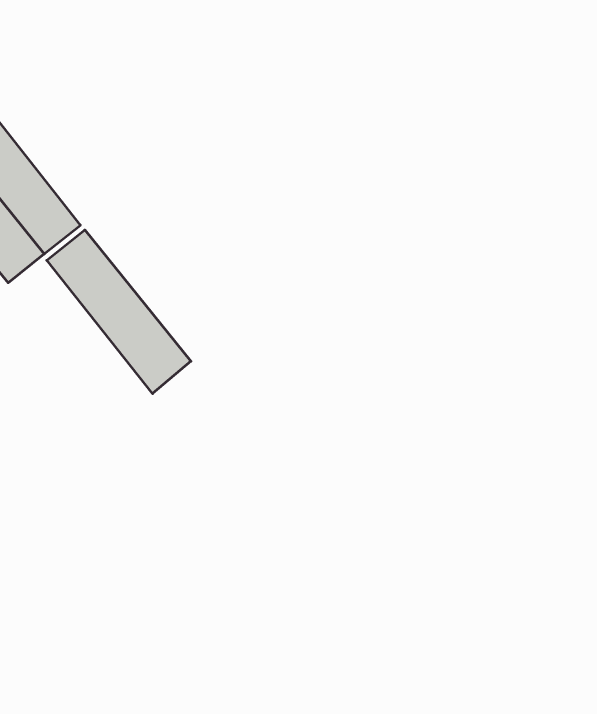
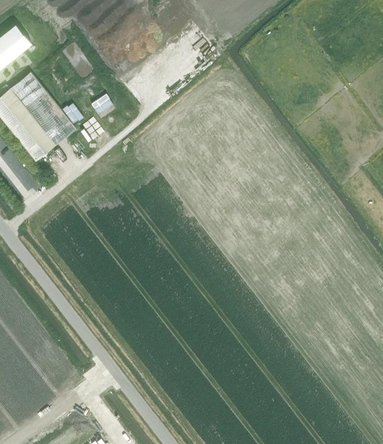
building: [47,230,191,394] -> none

